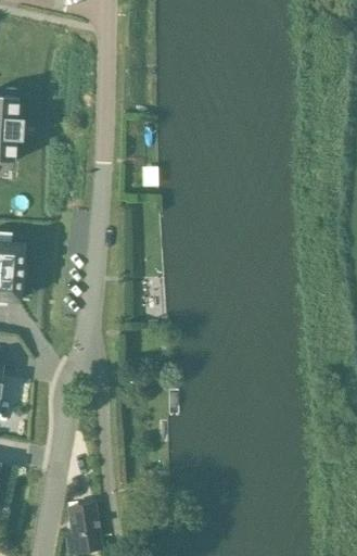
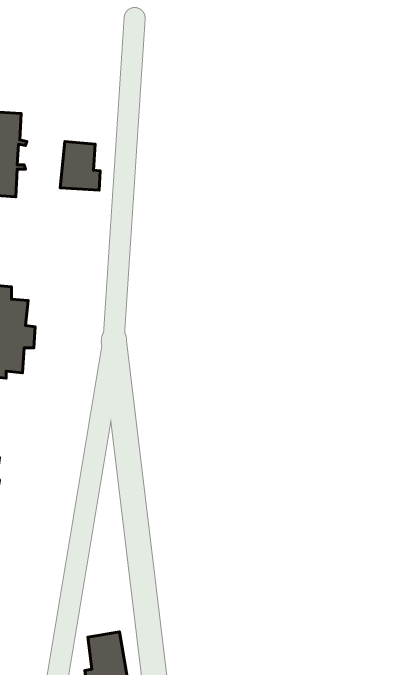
building: none -> [60,141,100,190]

